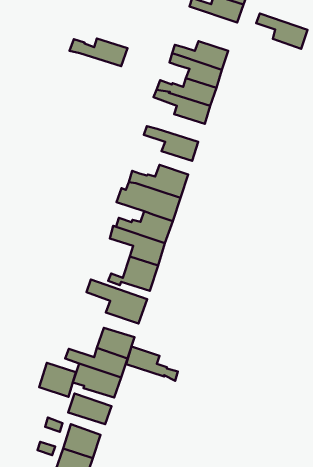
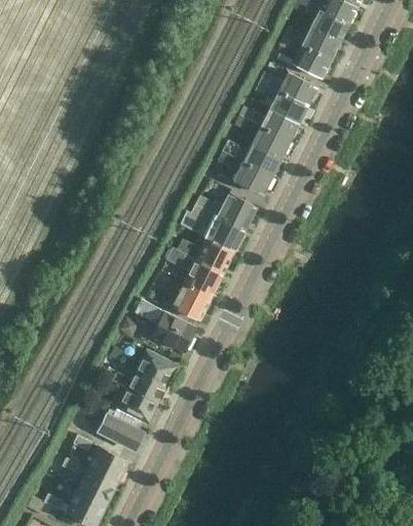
building: [256,14,308,49] -> [278,36,330,78]
building: [70,39,128,66] -> [222,141,281,176]
building: [126,347,178,381] -> none
building: [39,363,76,397] -> none

